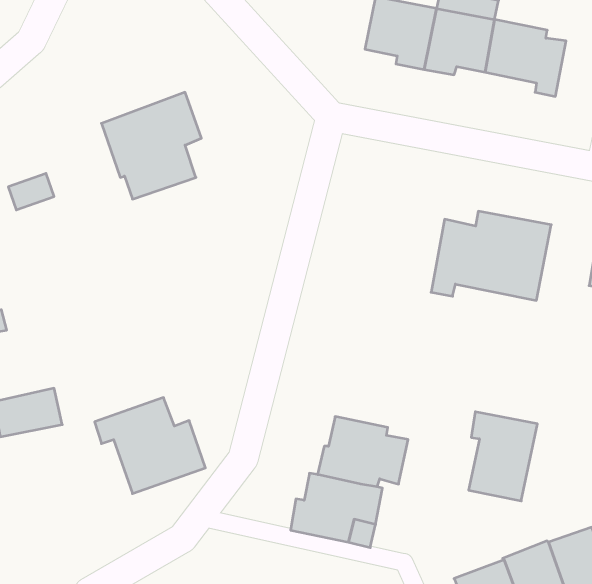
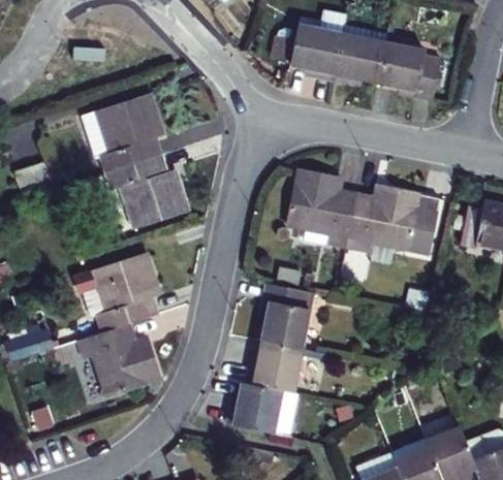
building: none -> [108,160,191,231]
building: none -> [279,169,347,248]
building: none -> [80,257,161,338]
building: [469,412,537,501] -> [263,283,316,351]

